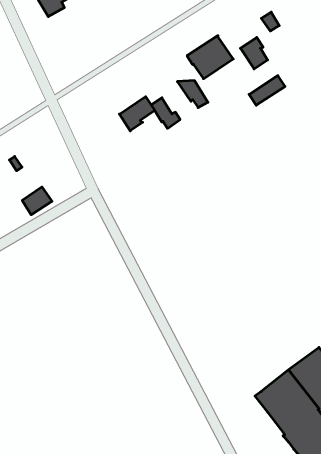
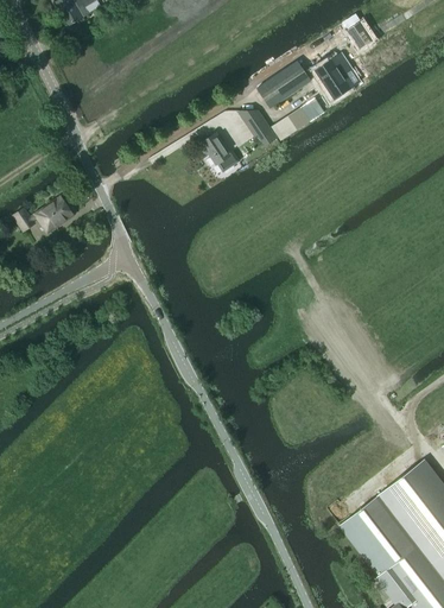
building: [249,76,285,105] -> [271,102,318,141]
building: [119,97,155,131] -> none
building: [22,187,52,215] -> [34,196,74,233]

